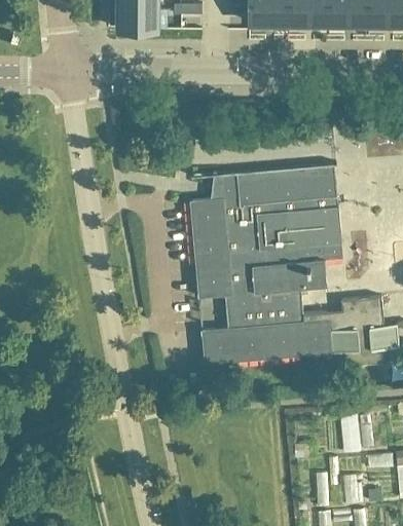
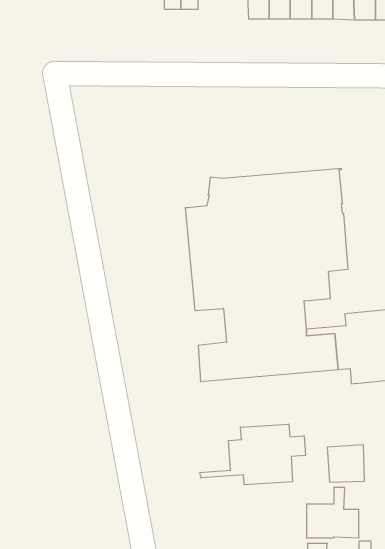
building: [118,9,157,29] -> none
building: none -> [200,424,305,485]

